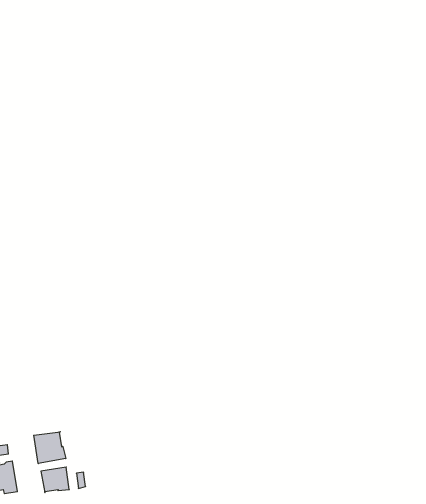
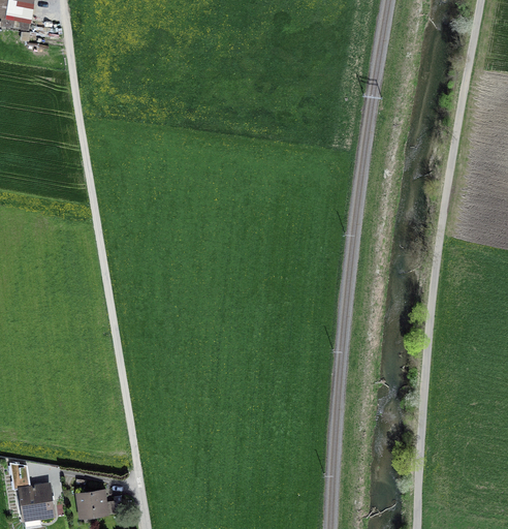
building: [34,432,66,464] -> none

